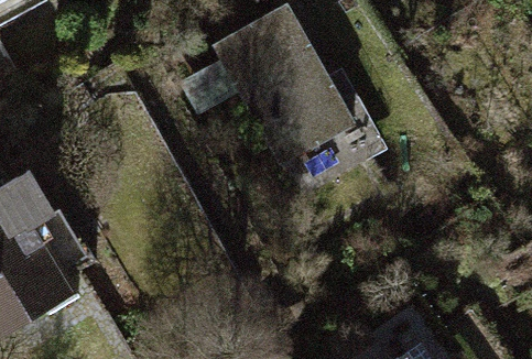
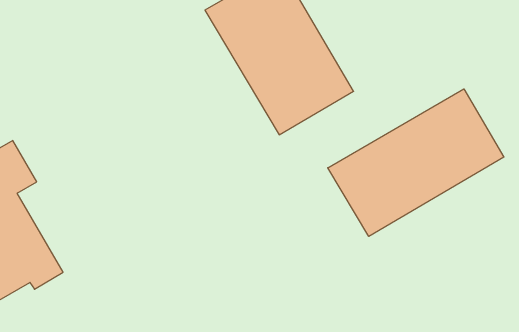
building: none -> [328,89,504,236]

